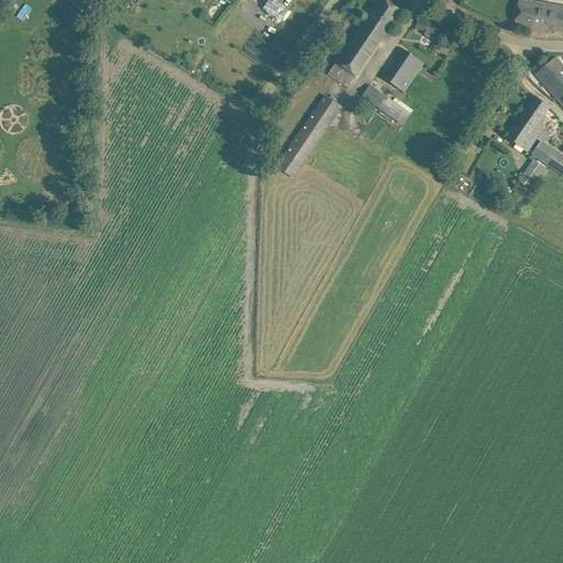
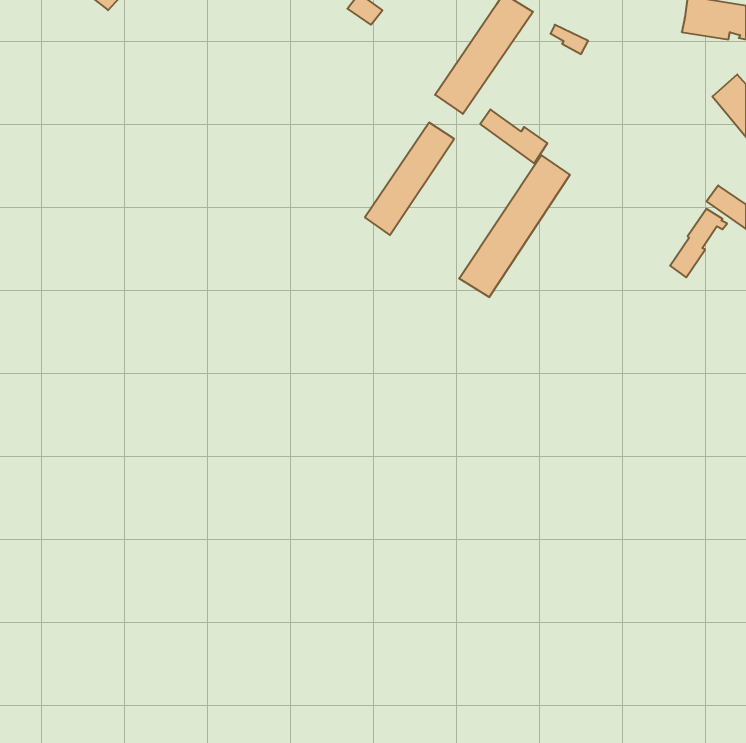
building: [382,46,424,90] -> none
building: [506,95,548,148] -> none
building: none -> [459,155,570,297]

